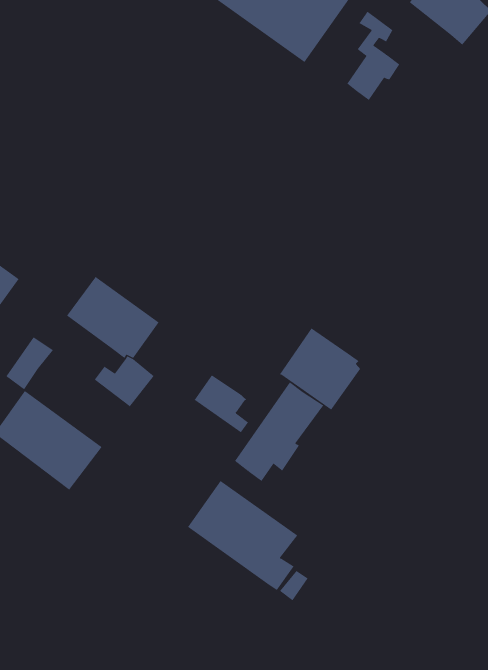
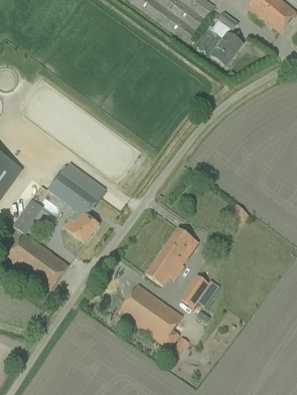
building: [279,328,361,411] -> none
building: [194,375,249,433] -> none
building: none -> [181,274,218,307]

